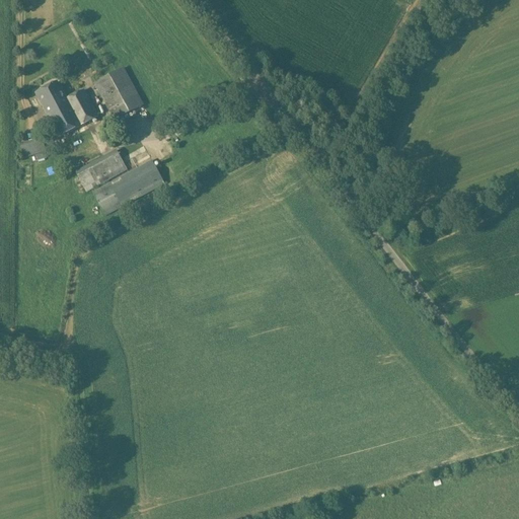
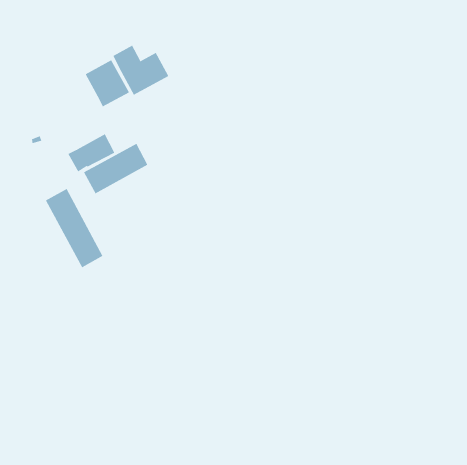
building: [35,80,98,136] -> [112,45,169,95]
building: none -> [45,188,103,269]

